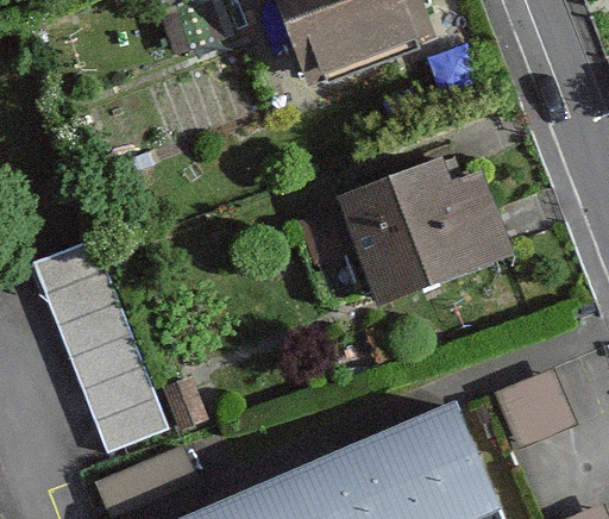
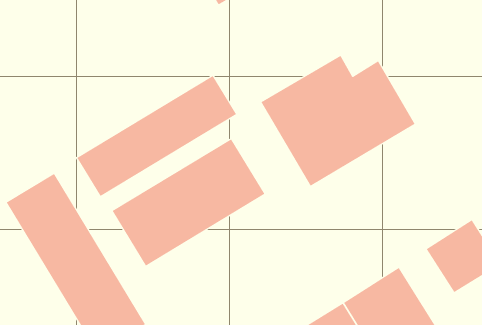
building: none -> [76,75,237,197]
building: none -> [112,138,265,266]

